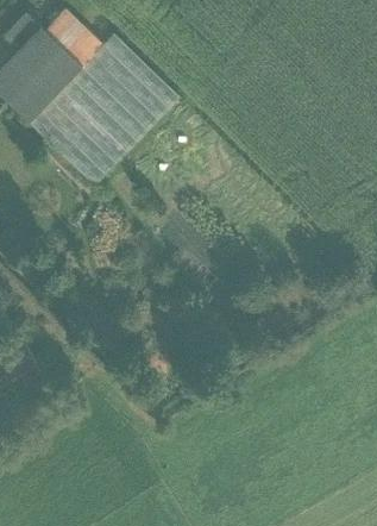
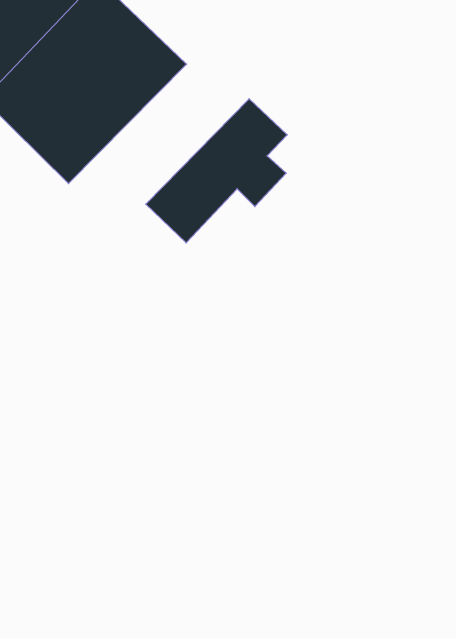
building: none -> [146,99,287,243]

